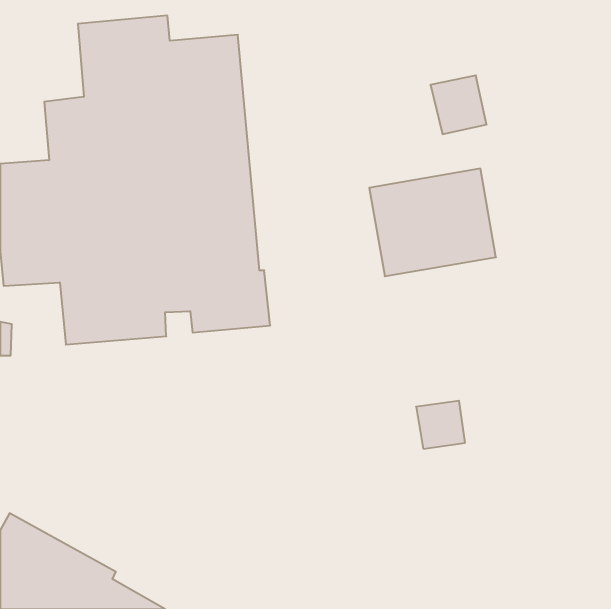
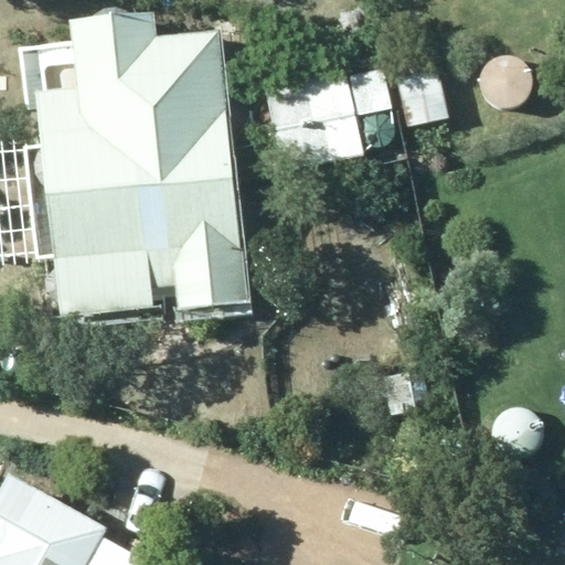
building: [369,169,496,276] -> [247,74,364,173]

